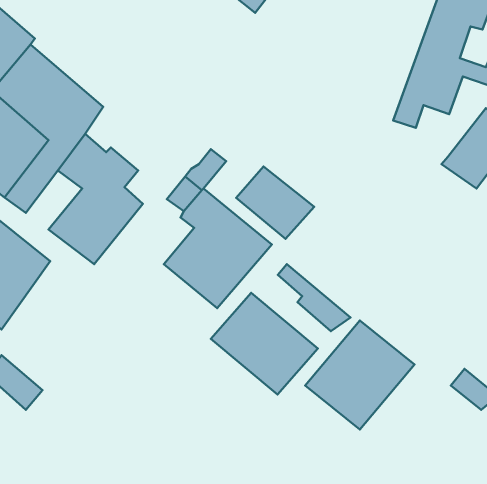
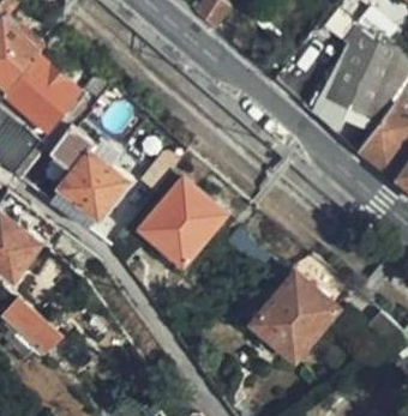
building: [236,166,314,239] -> none
building: [211,293,318,395] -> none

